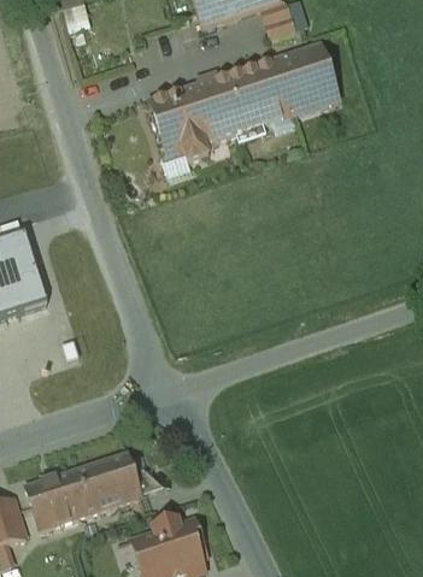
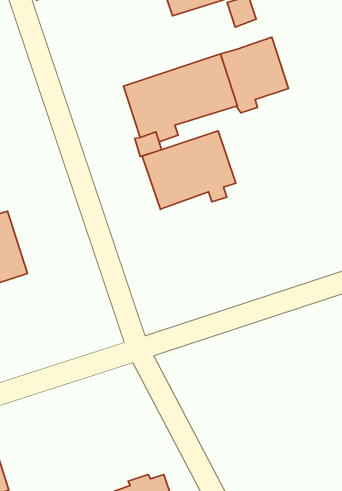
building: none -> [142,131,236,210]
building: [27,451,141,526] -> none

